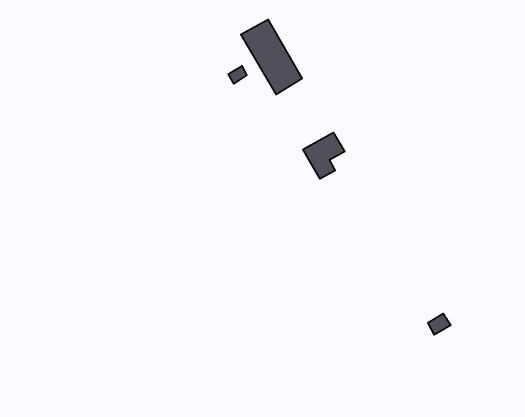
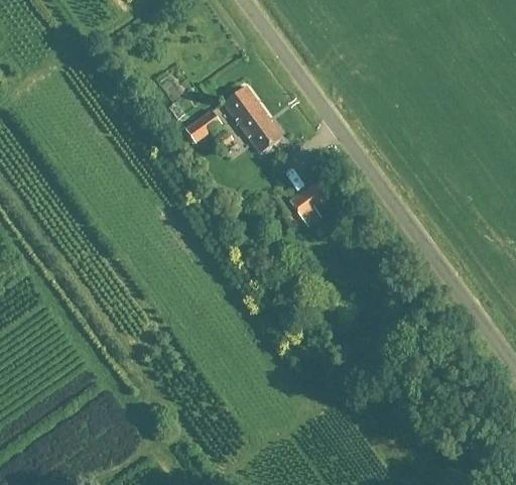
building: none -> [185,110,221,142]

